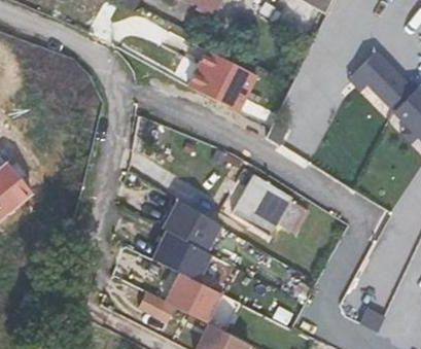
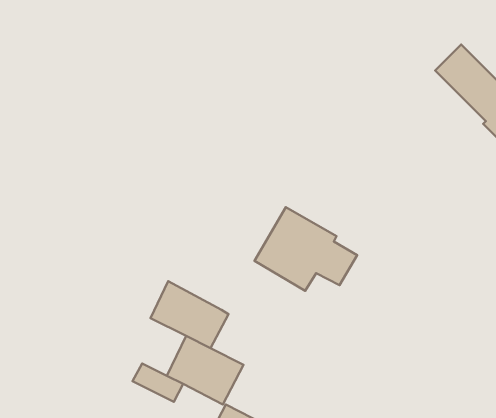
building: [188,53,257,114] -> none
building: [162,201,219,253] -> none

